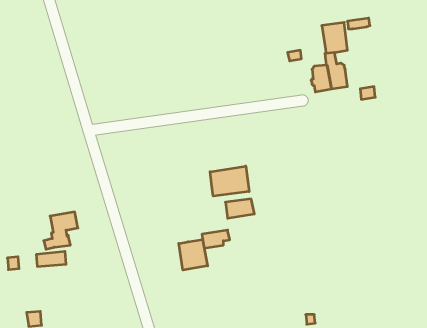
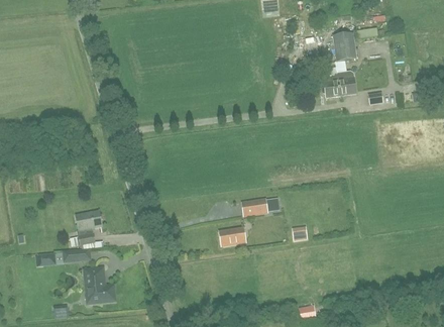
building: [210,166,249,196] -> none
building: [179,240,208,270] -> none
building: none -> [85,268,114,303]

